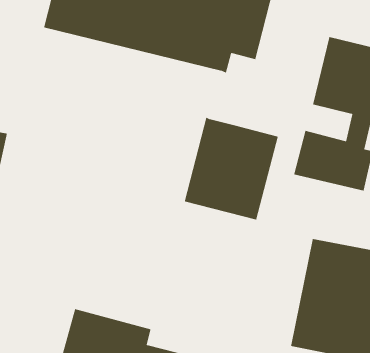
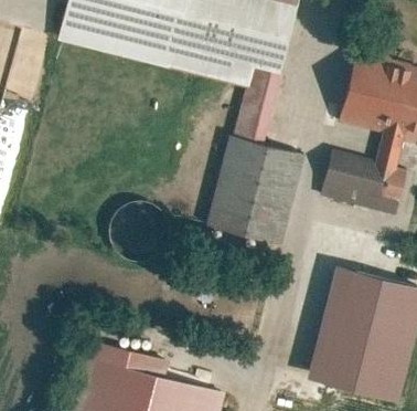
building: none -> [232,70,280,146]

